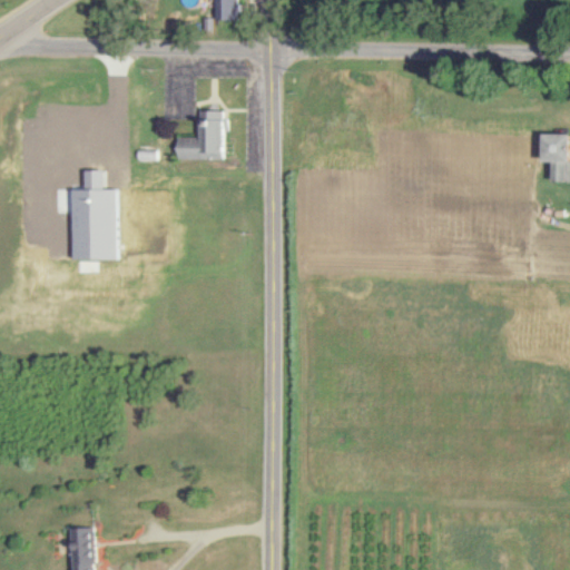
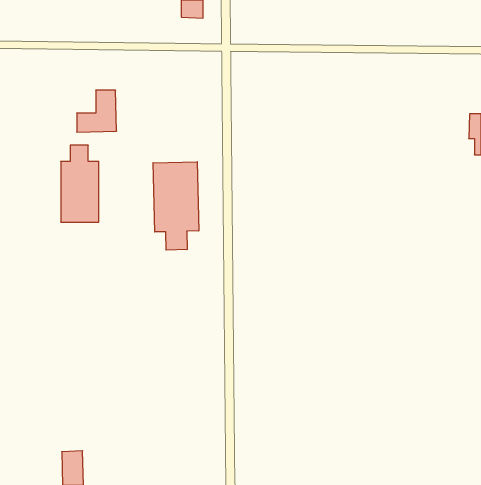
building: [175,111,222,160] -> [77,90,117,132]
building: none -> [153,162,199,250]

